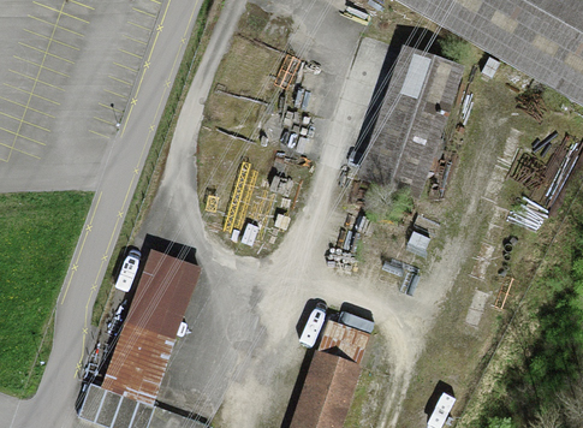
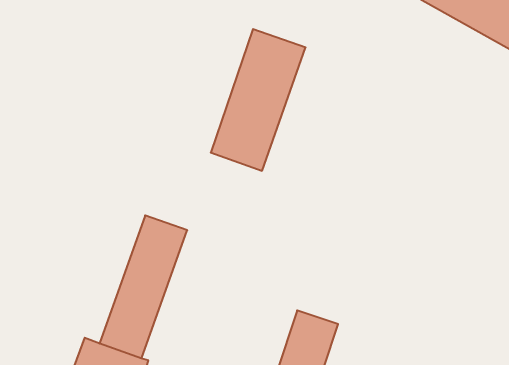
building: [363,46,463,195] -> [211,29,306,171]

